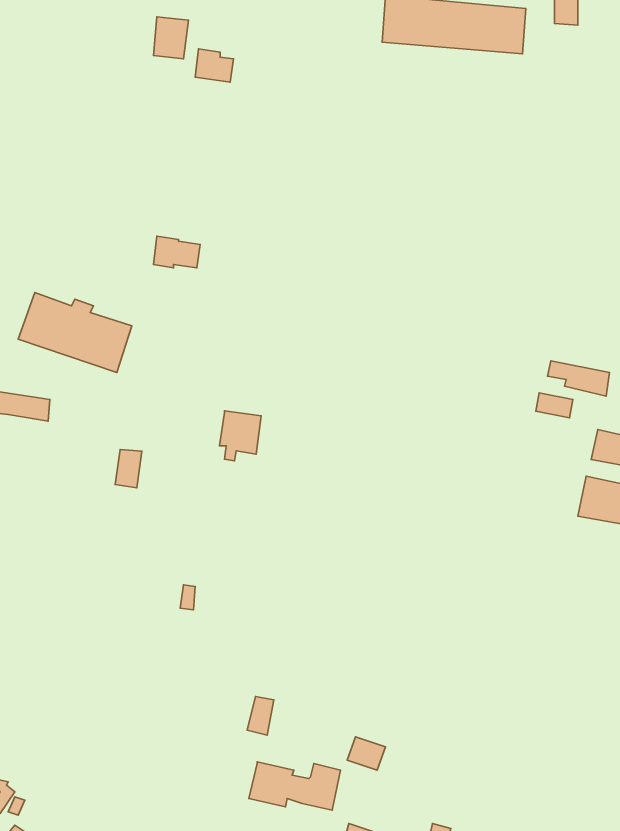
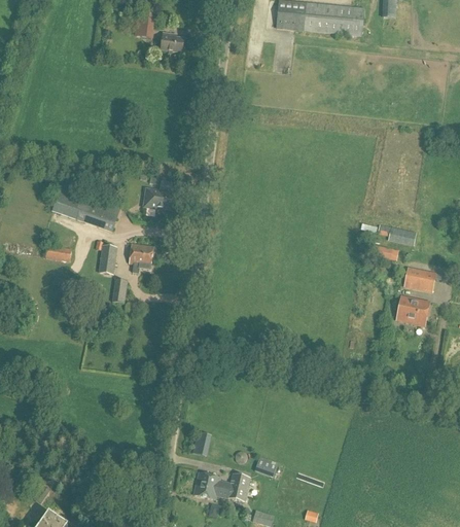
building: [153,236,200,268] -> [144,188,173,208]
building: none -> [96,240,117,275]
building: [219,411,261,461] -> [129,242,154,273]

